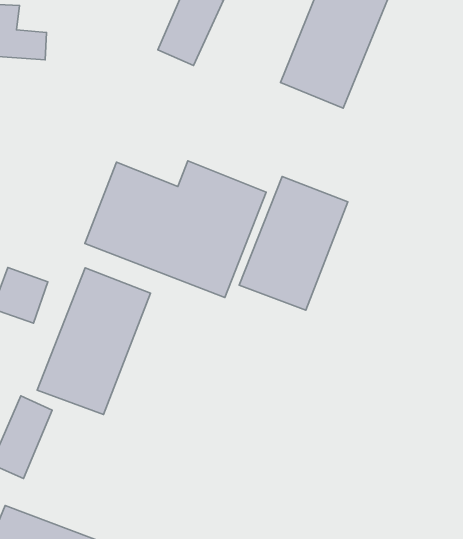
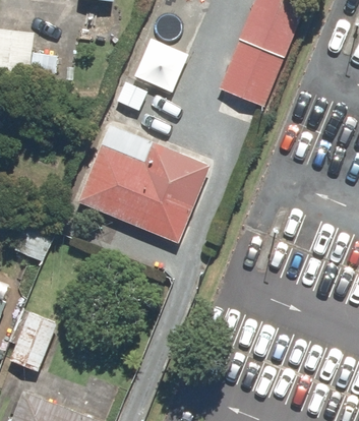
building: [239,176,348,310] -> none
building: [37,268,151,415] -> none

